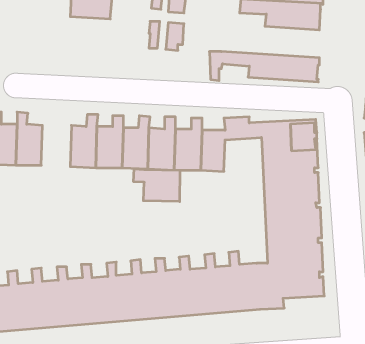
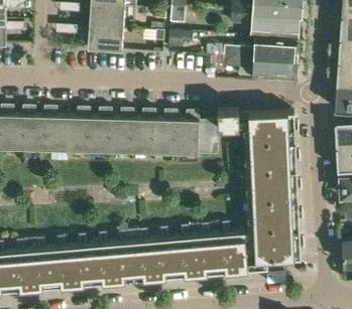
building: none -> [87,27,122,52]
building: none -> [215,40,298,61]
building: none -> [65,109,90,152]
building: [134,169,180,202] -> none

